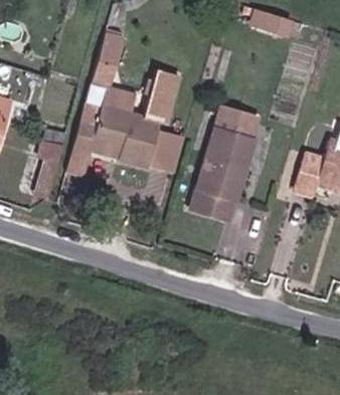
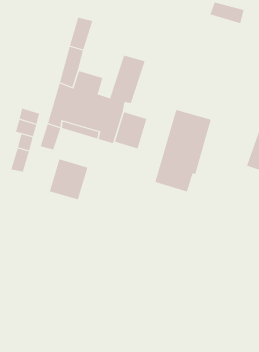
building: [217,108,259,139] -> none
building: none -> [49,159,88,200]

